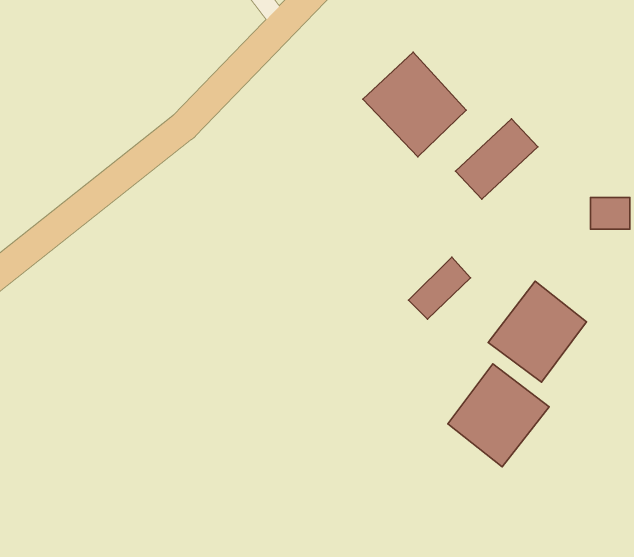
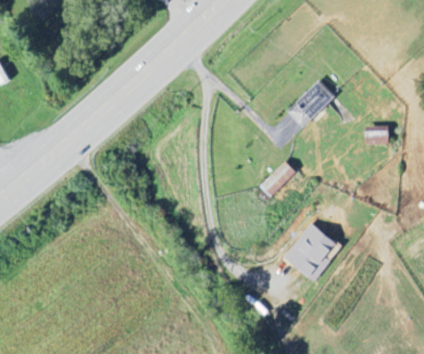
building: [363,52,466,157] -> none
building: [488,281,587,382] -> none

